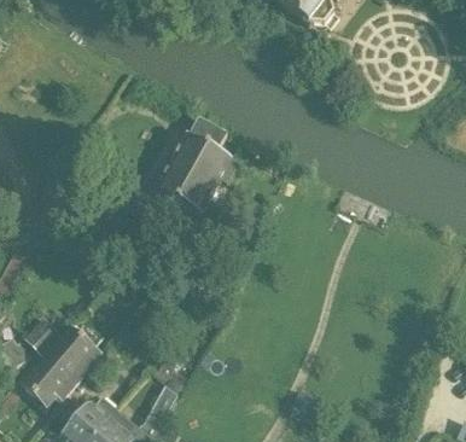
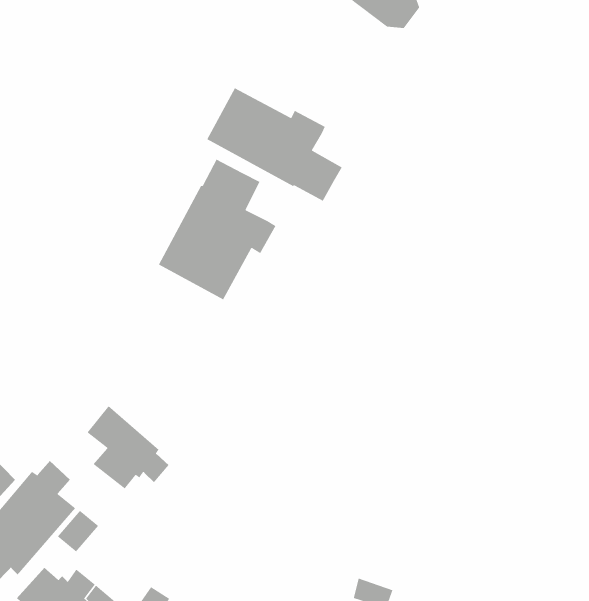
building: none -> [206,87,343,202]
building: none -> [86,405,169,490]

